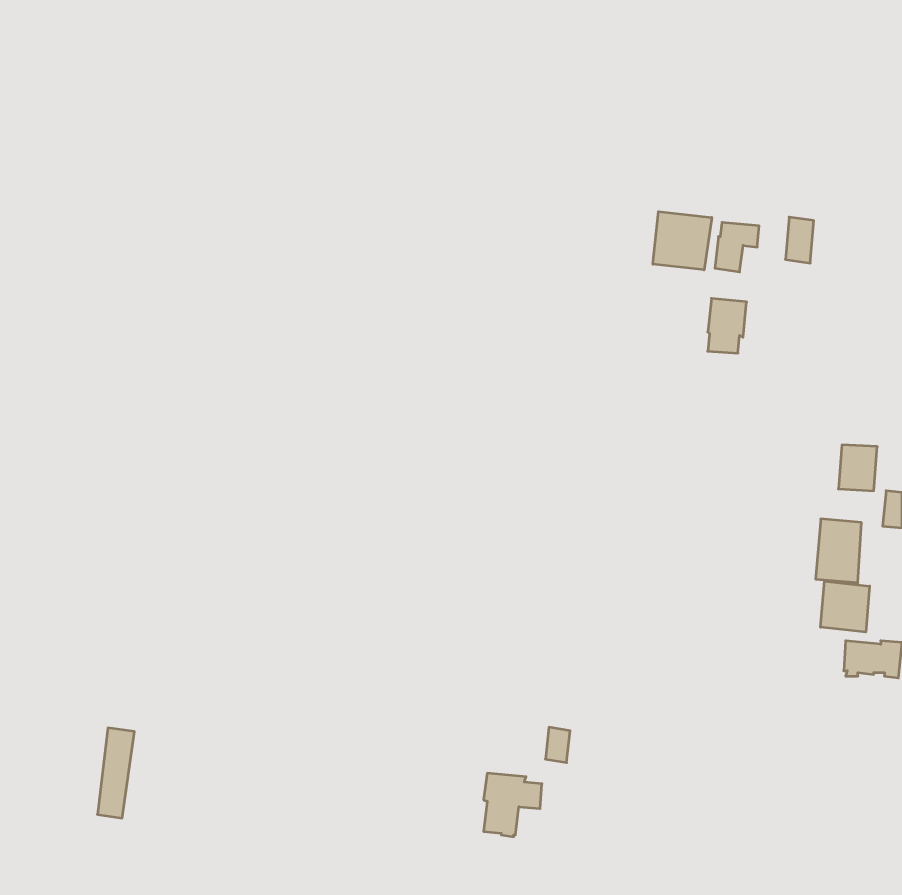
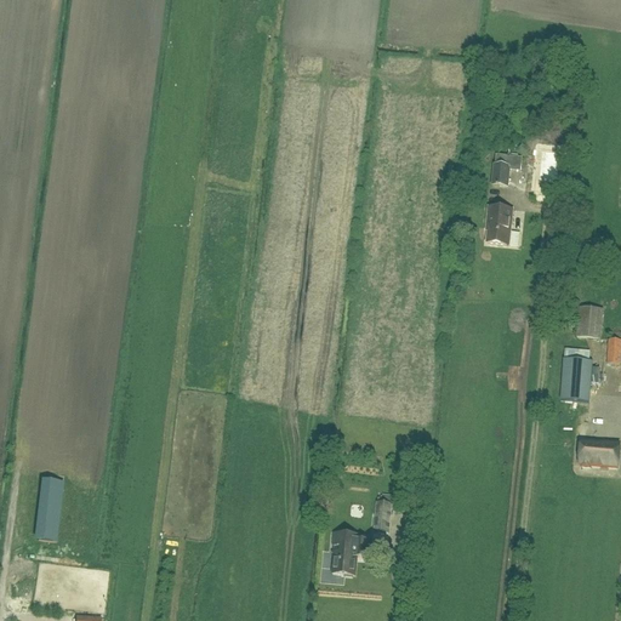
building: [653,212,712,270] -> none
building: [821,581,870,632] -> none
building: [97,728,134,818] -> [38,478,63,540]

